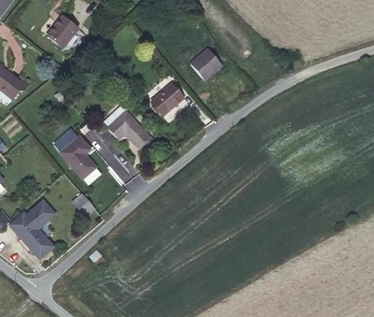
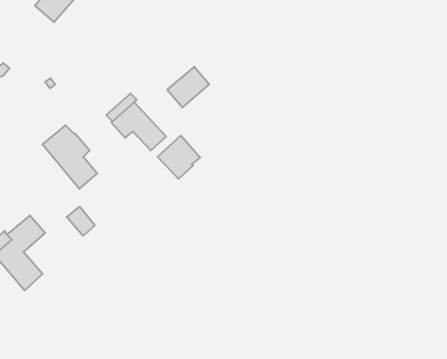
building: [190,49,222,80] -> none
building: none -> [158,136,200,179]

